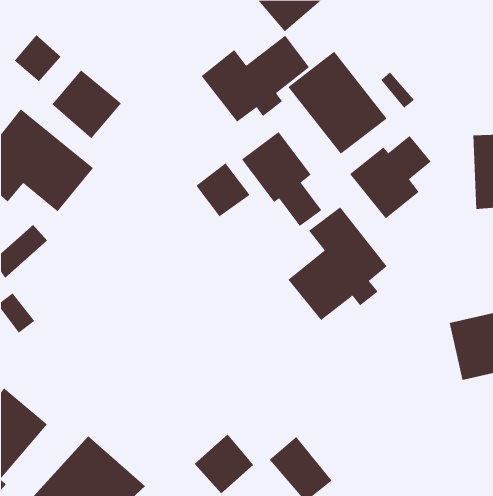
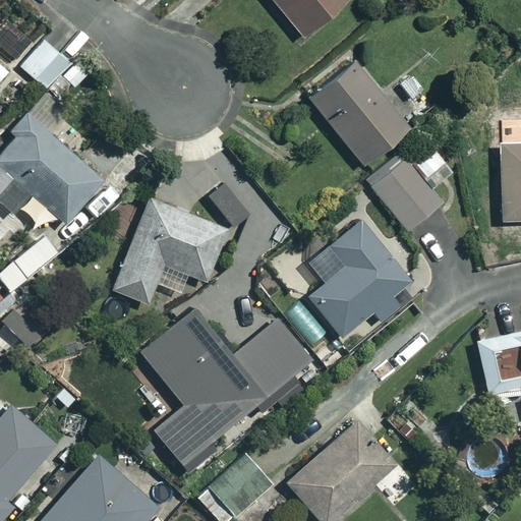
building: [201,35,310,123] -> none
building: [51,70,122,139] -> none
building: [241,131,322,227] -> none
building: none -> [112,198,227,304]
building: none -> [140,307,307,476]
building: none -> [315,420,397,503]

